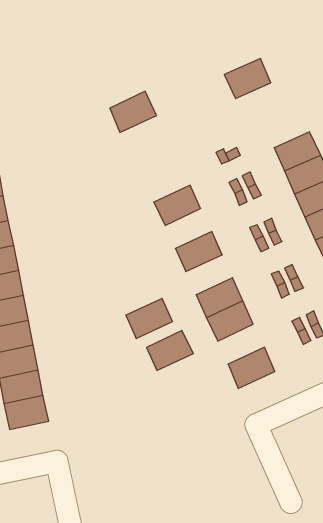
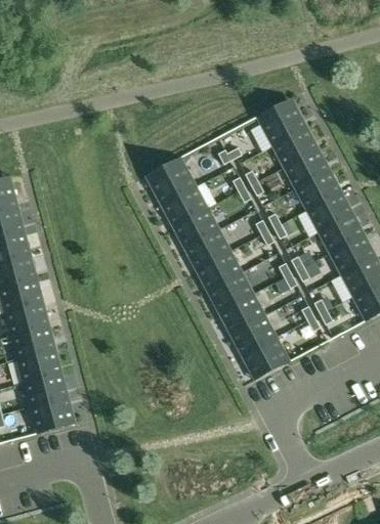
building: [224,58,271,99] -> [261,104,306,144]
building: [110,91,156,132] -> [151,163,196,204]
building: none -> [174,207,219,247]
building: [126,298,172,338] -> [197,250,242,290]
building: [147,330,193,370] -> [231,314,277,354]

